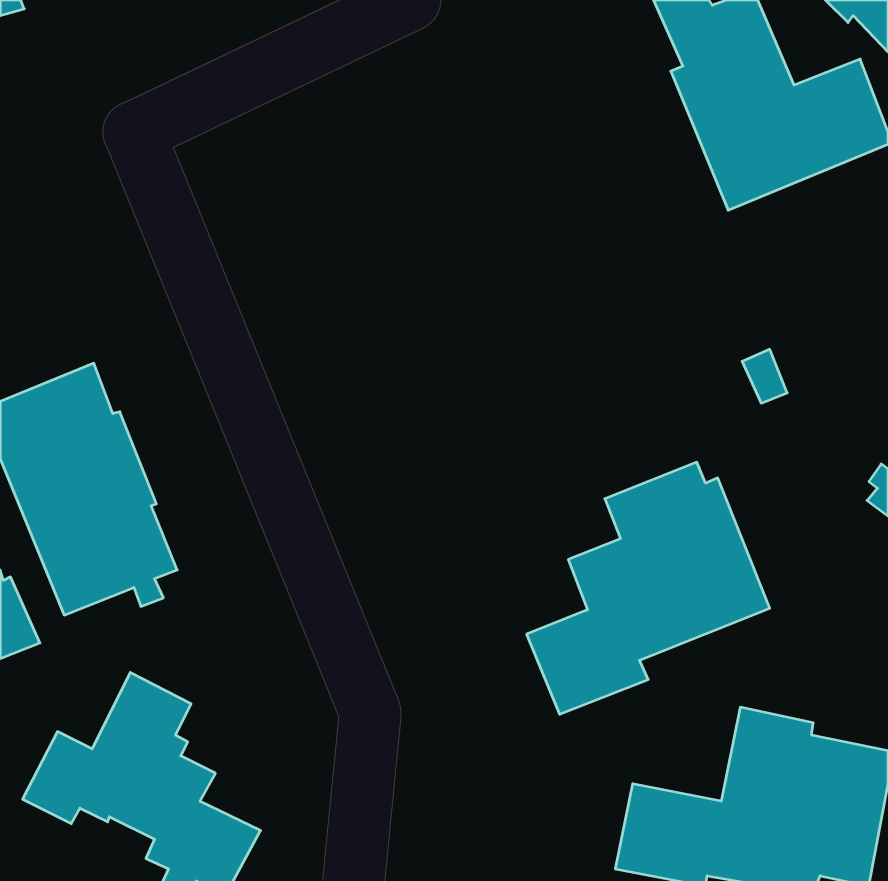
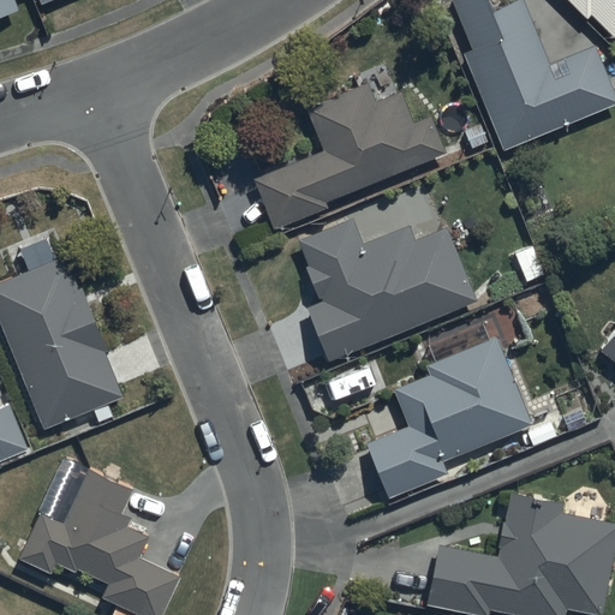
building: none -> [252,85,446,231]
building: none -> [299,217,477,362]

